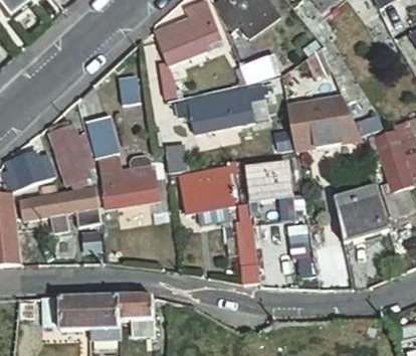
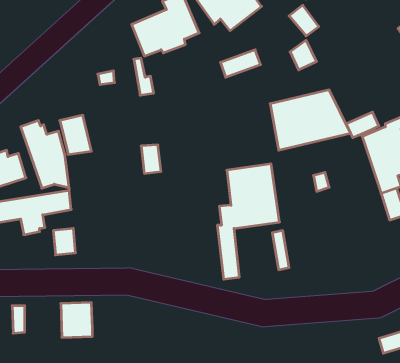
building: [174,82,269,134] -> none
building: [100,156,159,206] -> none
building: [178,161,237,217] -> none
building: [335,185,387,242] -> none
building: [118,294,155,332] -> none
building: [59,296,89,329] -> none

